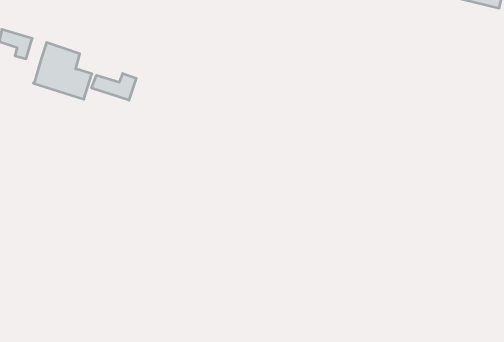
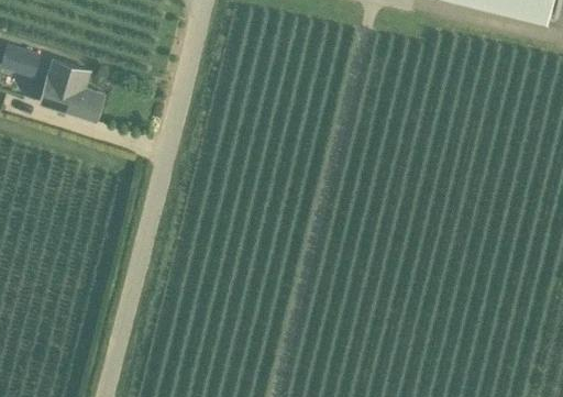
building: [92,73,136,100] -> none

